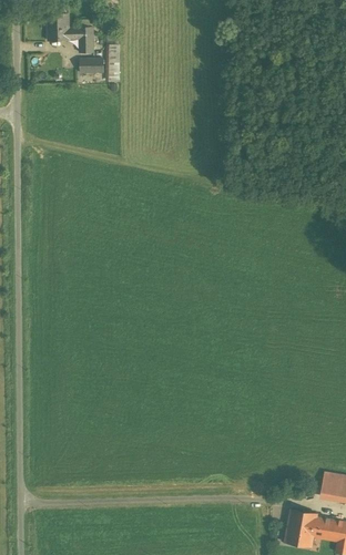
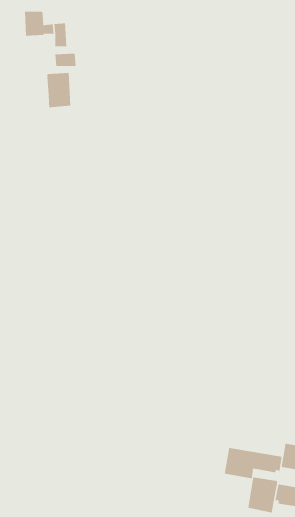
building: none -> [47,72,71,108]
building: none -> [224,447,282,479]

